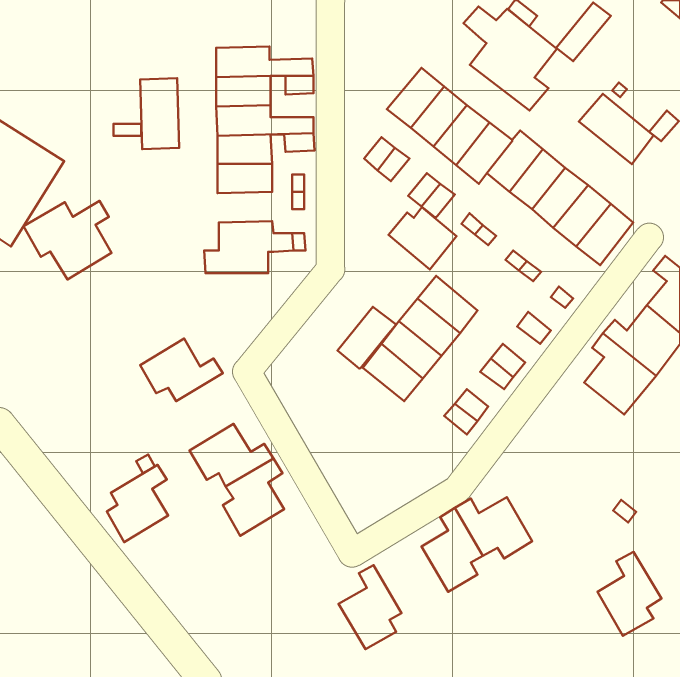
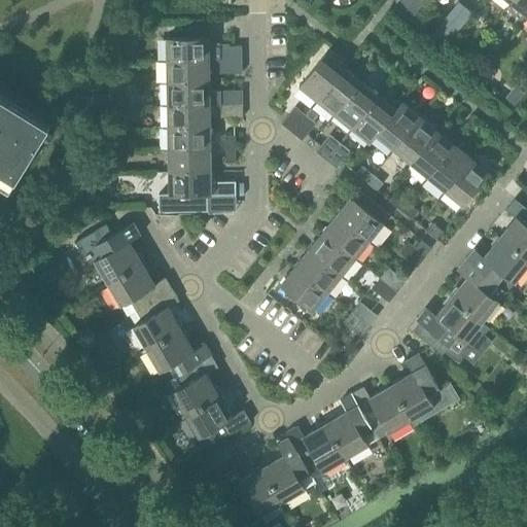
building: [464,6,557,110] -> none
building: [140,78,179,149] -> none
building: [579,94,654,164] -> none
building: none -> [168,151,210,175]
building: [23,201,111,280] -> [74,224,142,285]
building: [389,207,457,270] -> [337,195,389,243]
building: [337,307,396,369] -> none
building: none -> [416,298,489,363]
building: [107,465,168,542] -> [133,291,180,351]
building: none -> [185,396,250,446]
building: none -> [285,425,346,480]
building: [598,552,662,636] -> [391,356,441,421]
building: none -> [221,469,282,518]

